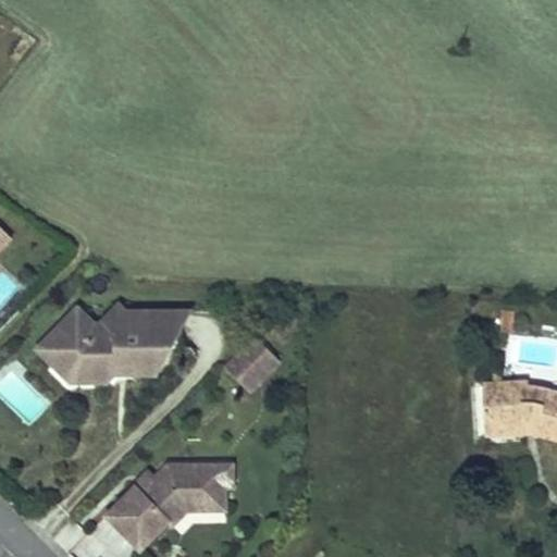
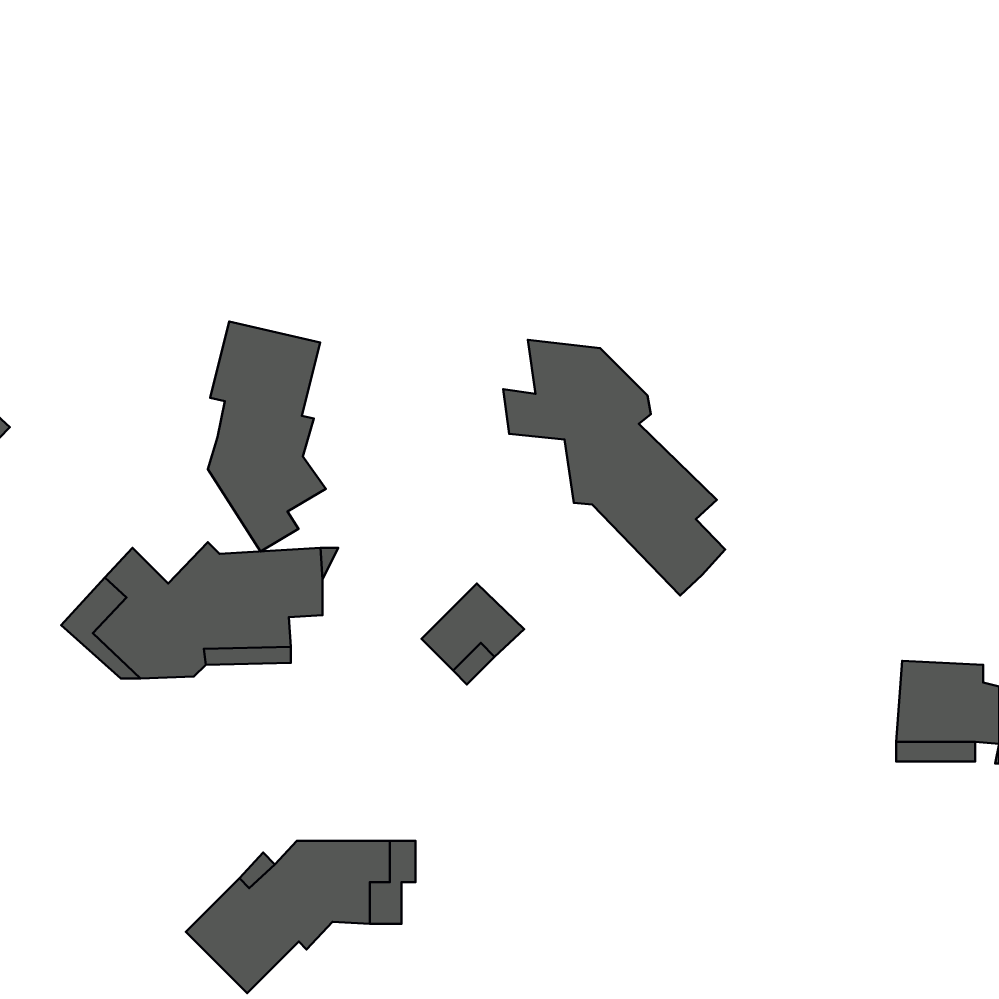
building: none -> [208,322,326,552]
building: none -> [503,340,725,595]

